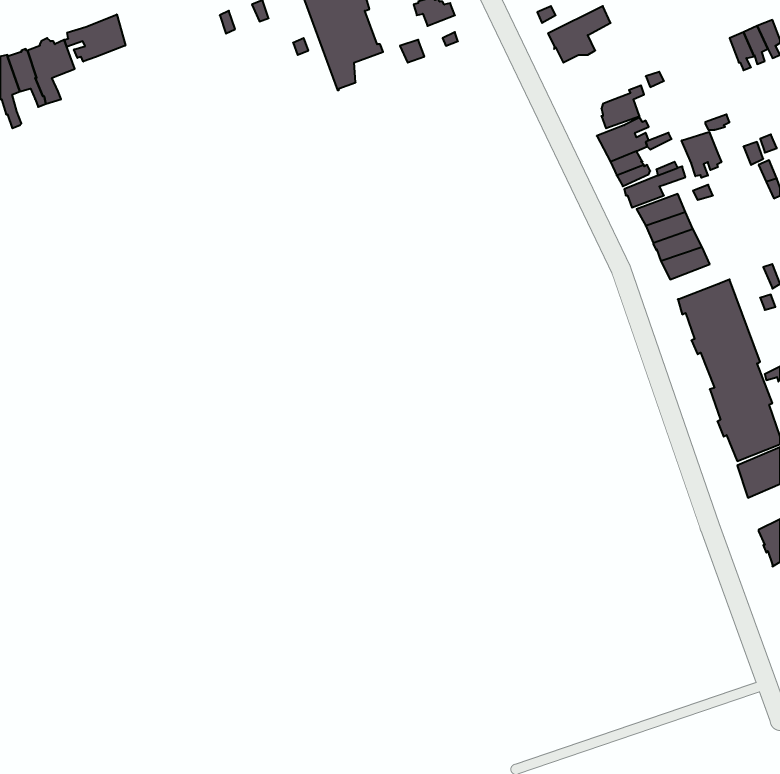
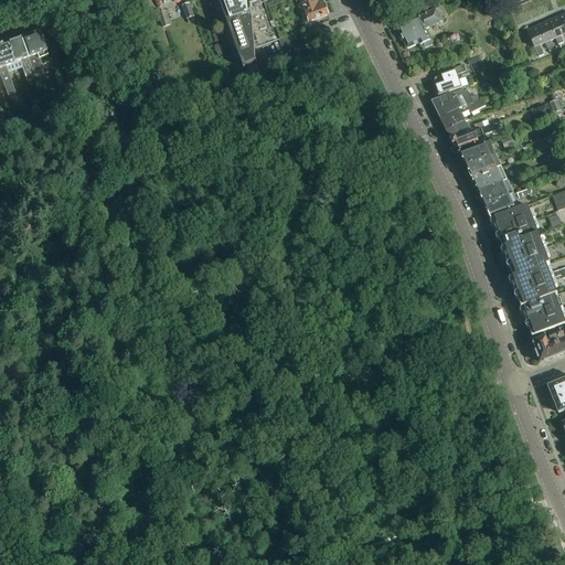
building: [65,14,125,62] -> none
building: [682,132,721,178] -> none
building: none -> [484,191,520,216]

